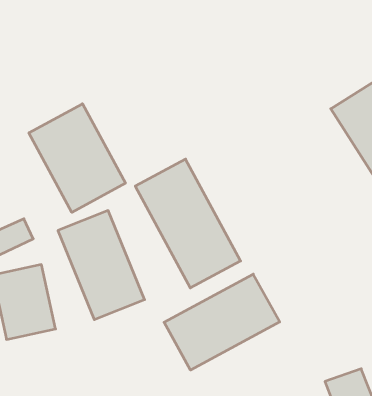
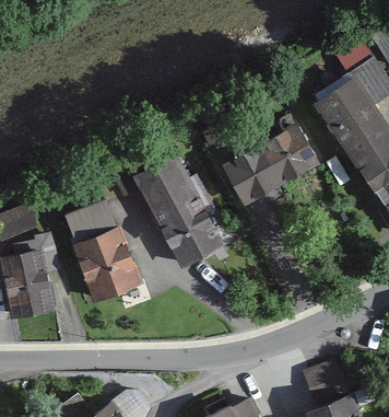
building: [29,104,125,212] -> none
building: none -> [215,121,318,207]
building: [164,274,280,370] -> none

